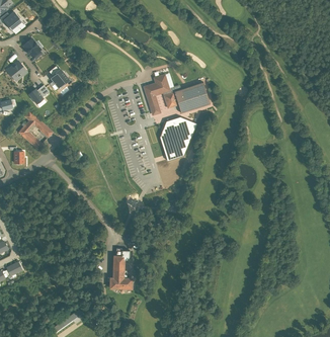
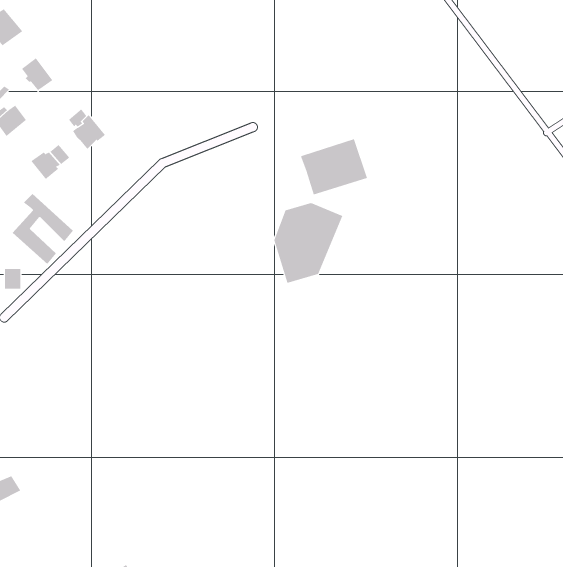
building: [144,74,177,114] -> none
building: [109,251,133,289] -> none

